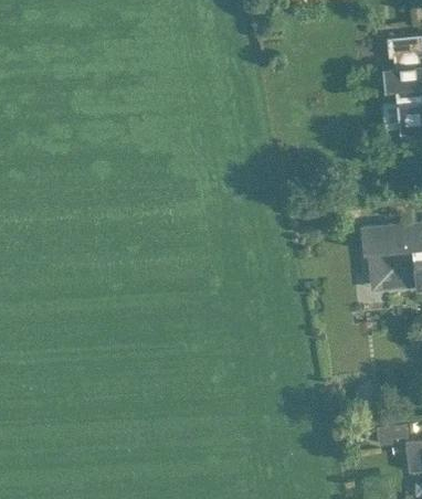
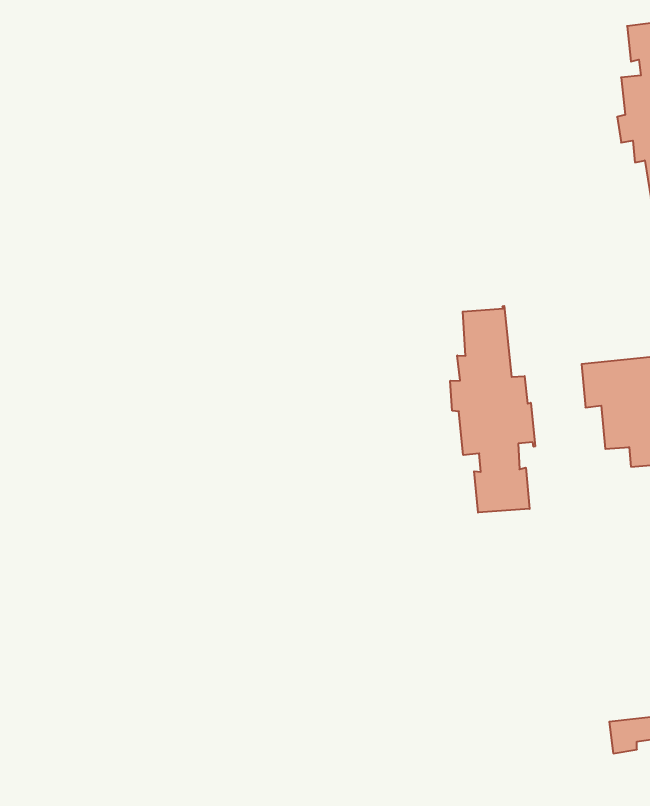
building: none -> [450,306,535,513]

